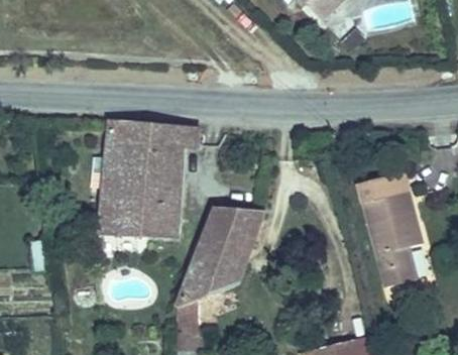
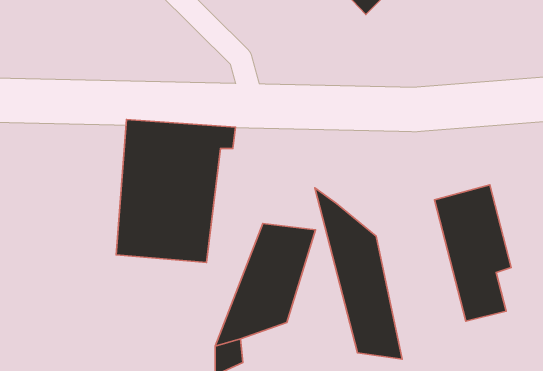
building: none -> [315,188,402,359]

